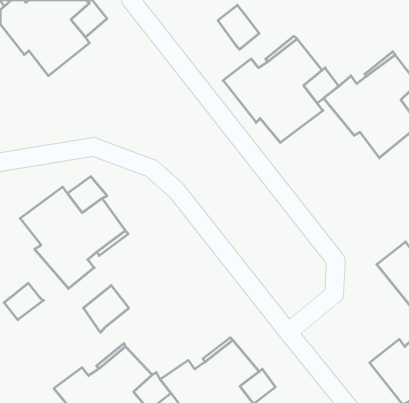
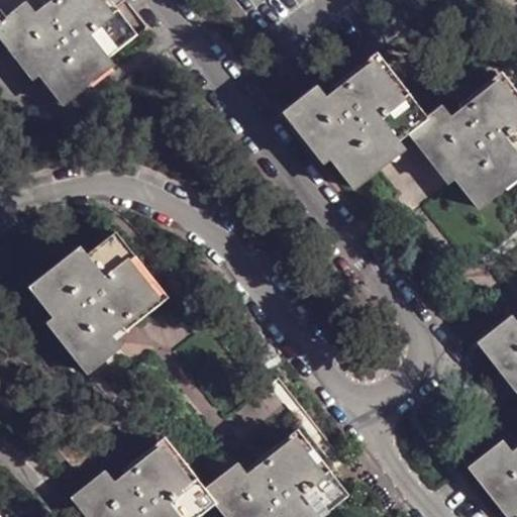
building: [218,5,259,49] -> none
building: [4,283,44,320] -> none
building: [83,285,129,332] -> none

